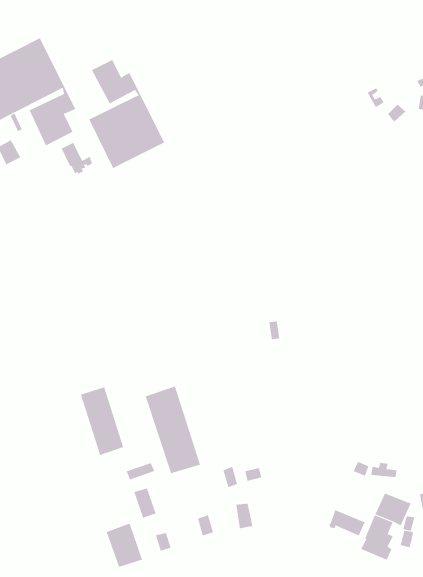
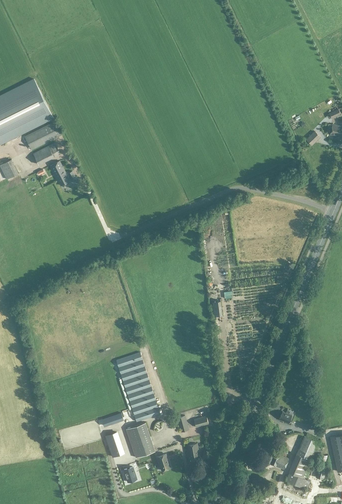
building: [88,59,165,169] -> none
building: [80,387,124,456] -> none
building: [106,523,143,567] -> [125,422,154,457]

